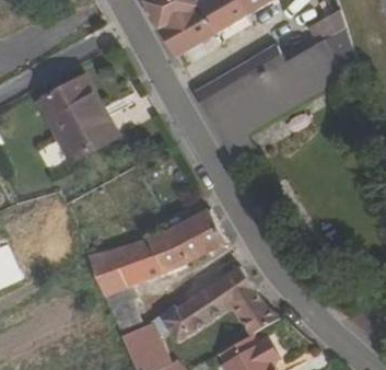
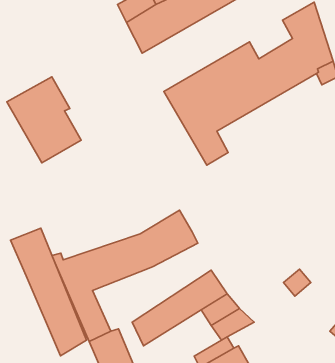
building: none -> [10,228,86,356]

